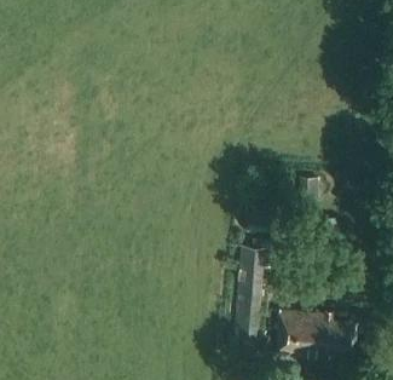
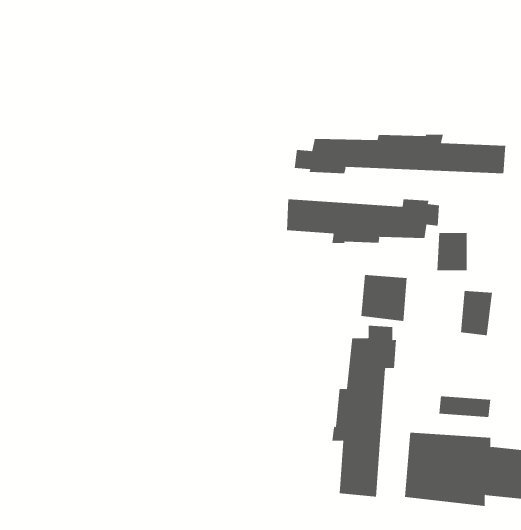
building: none -> [294,134,506,174]
building: none -> [286,198,440,244]

